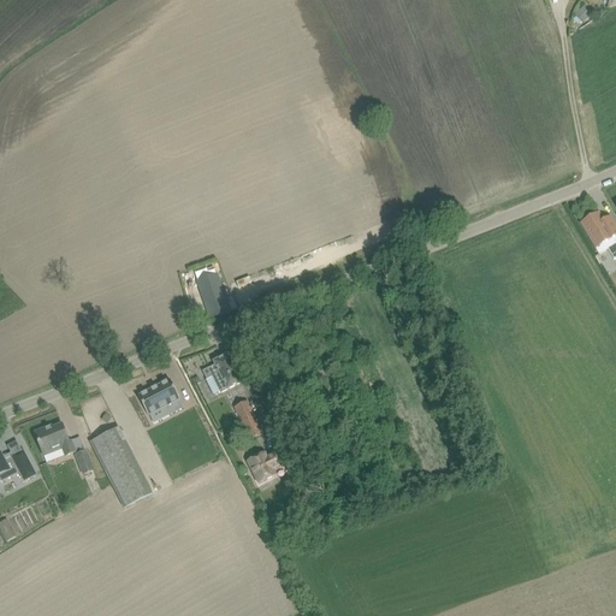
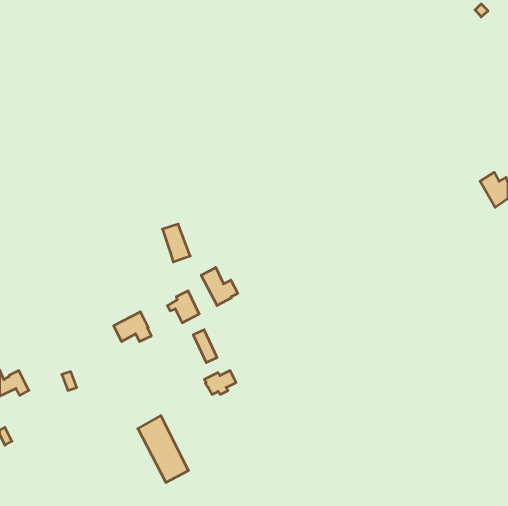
building: none -> [201,267,238,306]
building: [34,421,75,454] -> none
building: [90,425,152,505] -> [138,416,189,482]

